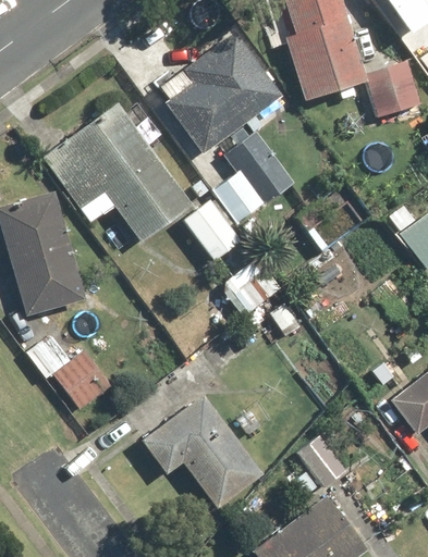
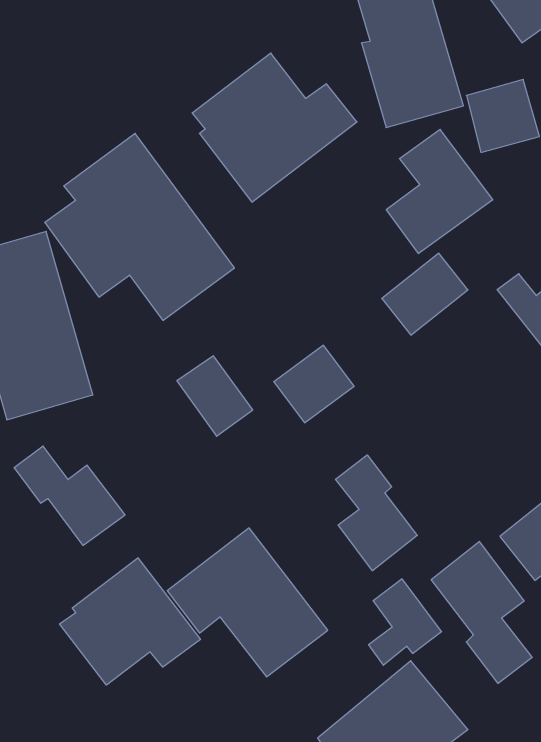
building: [215,132,294,224] -> [386,129,493,254]
building: [184,202,241,262] -> [177,356,253,436]
building: none -> [336,455,417,571]
building: none -> [431,541,532,683]
building: none -> [60,558,200,685]

